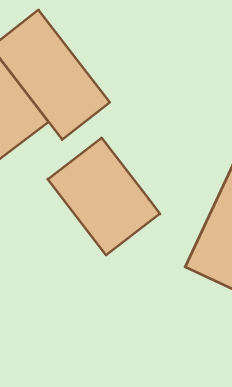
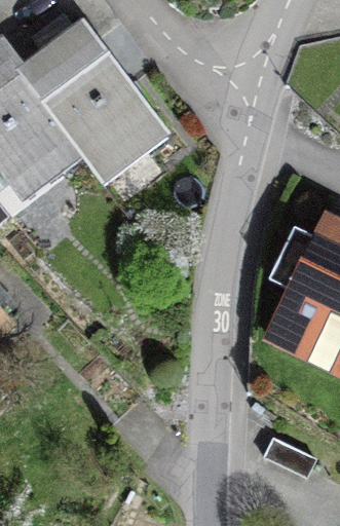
building: [48,138,160,255] -> none

